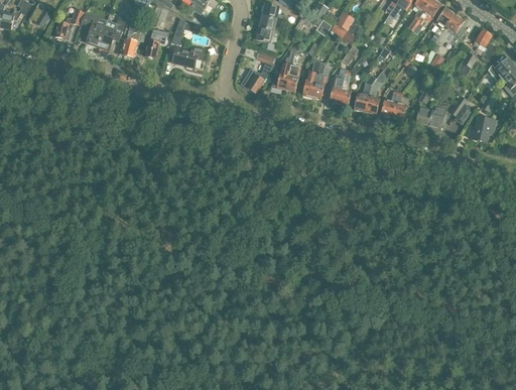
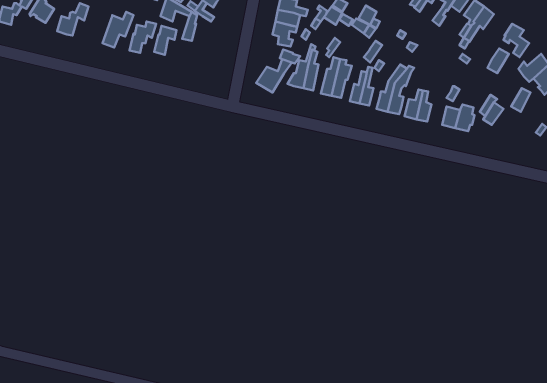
building: [80,12,106,46] -> none
building: [172,46,206,67] -> none
building: [469,116,495,140] -> none

